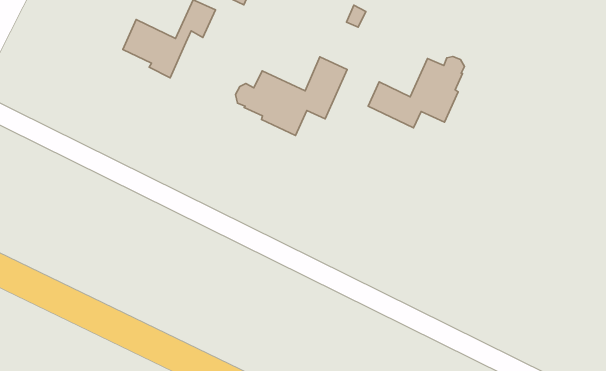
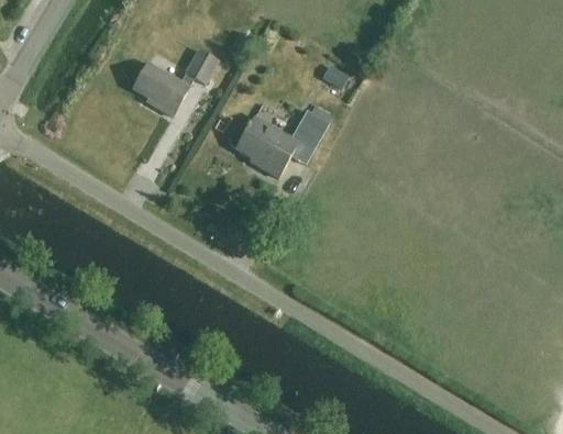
building: [368,57,465,128] -> none

